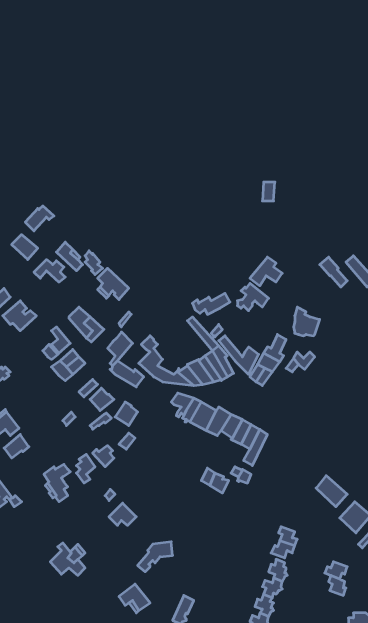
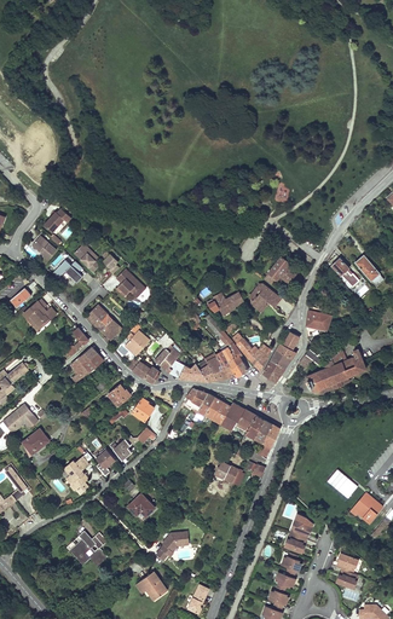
building: none -> [307,345,365,393]

